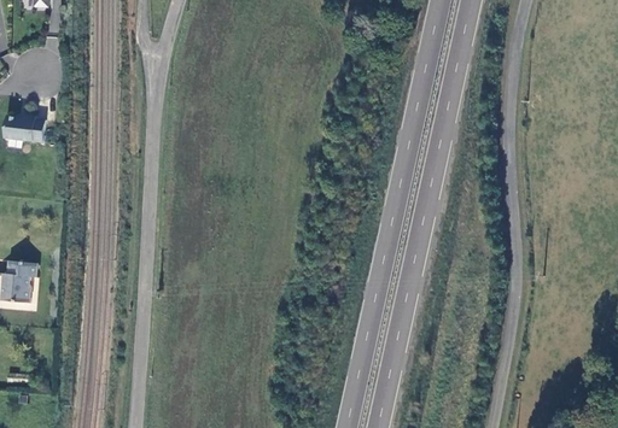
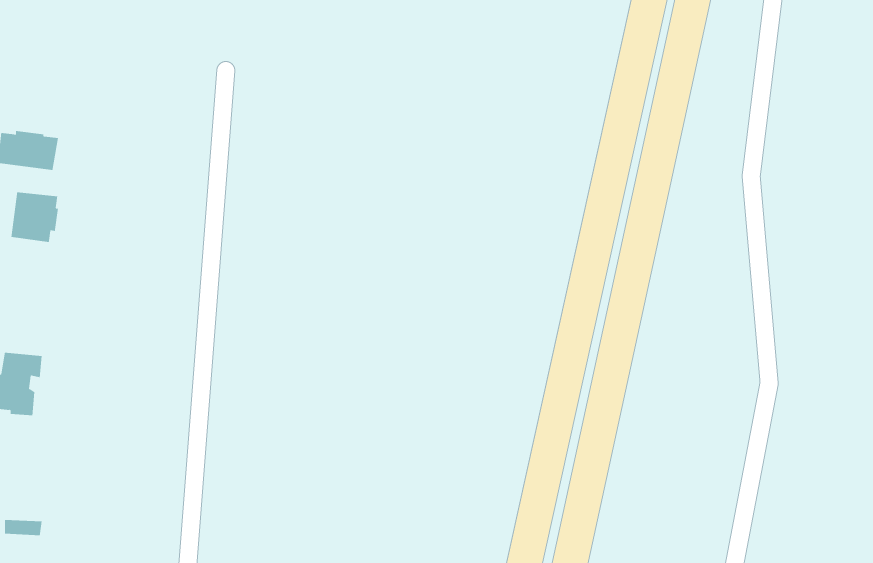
building: none -> [11,192,58,243]

